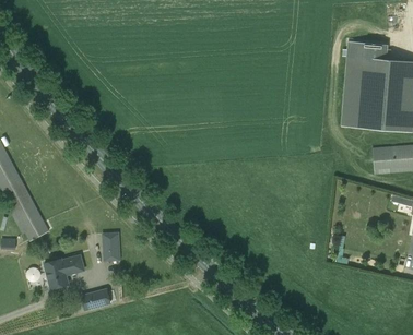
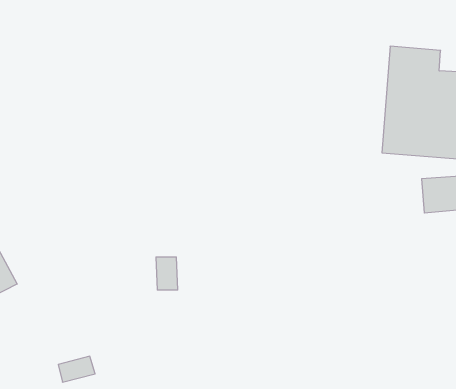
building: [103,232,120,259] -> [156,257,178,290]
building: [45,254,85,288] -> none

